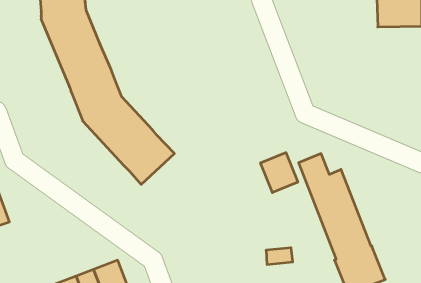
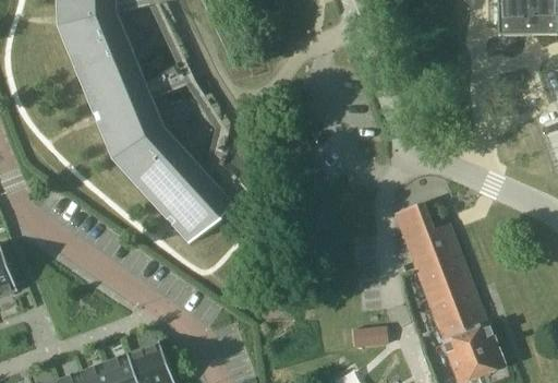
building: [261,153,298,193] -> none

